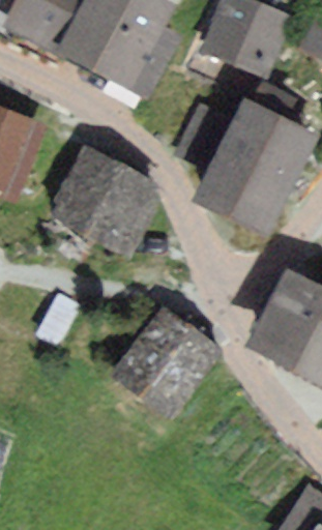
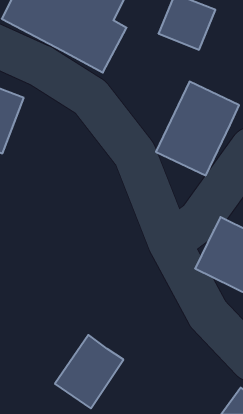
building: [56,153,152,244] -> none
building: [122,313,209,406] -> [55,335,123,408]

